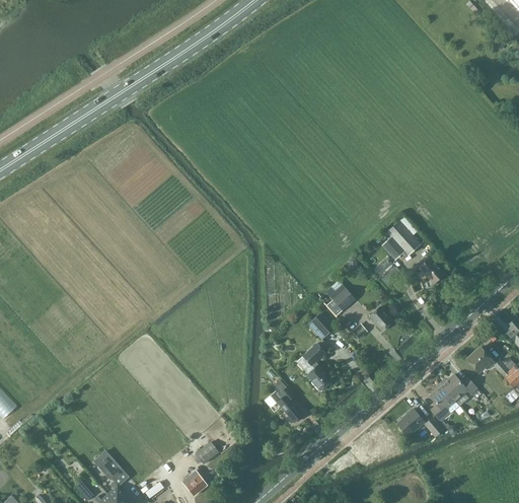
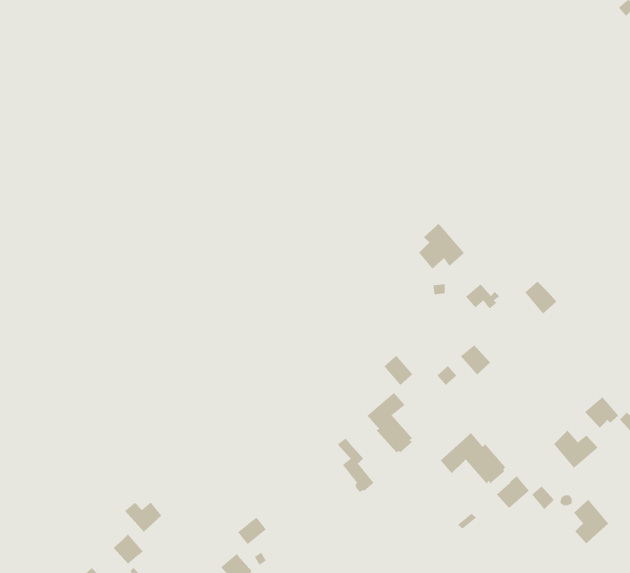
building: [385,220,422,257] -> [418,223,465,270]
building: [326,284,356,309] -> none
building: none -> [440,432,506,485]
building: [431,384,459,420] -> [573,499,609,544]
building: none -> [124,501,162,532]

